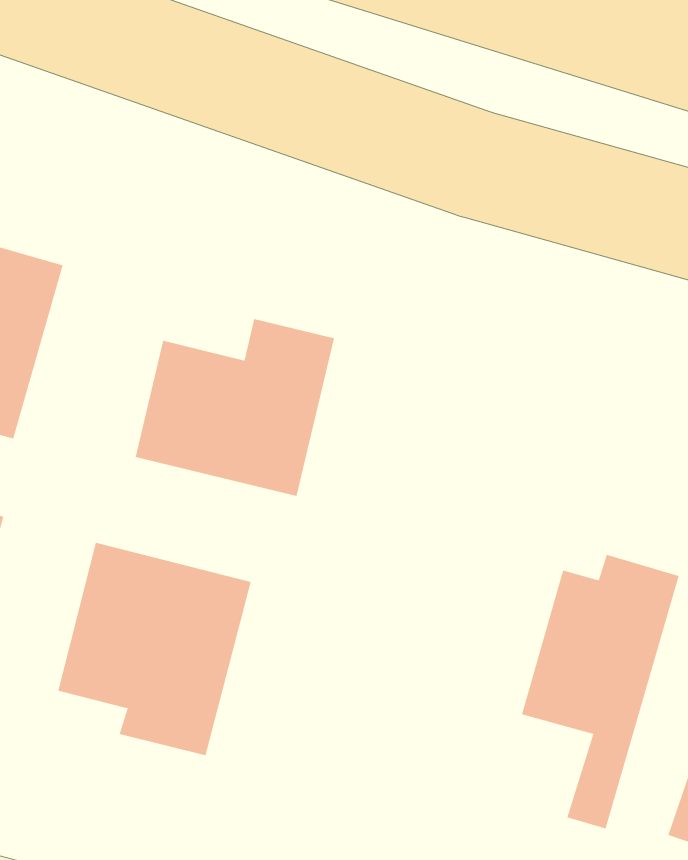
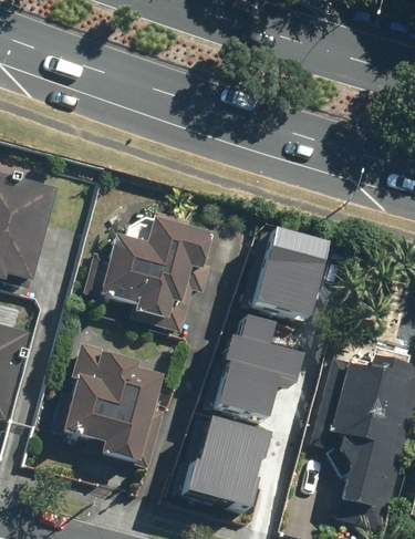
building: none -> [250,230,329,319]
building: none -> [215,317,303,422]
building: none -> [178,416,272,511]

